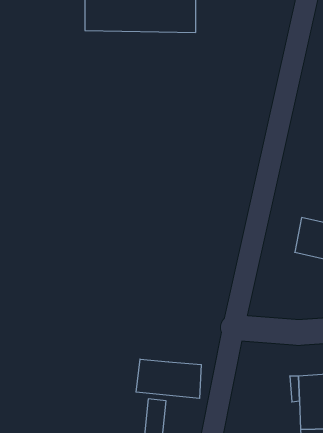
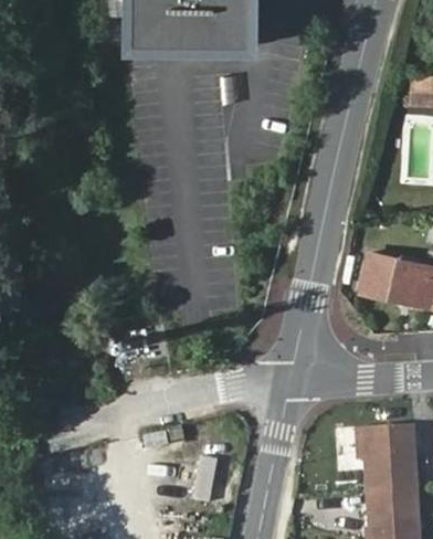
building: [136,359,201,398] -> none

